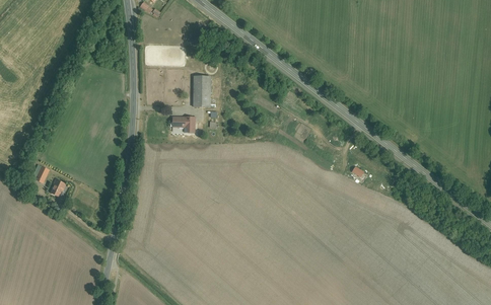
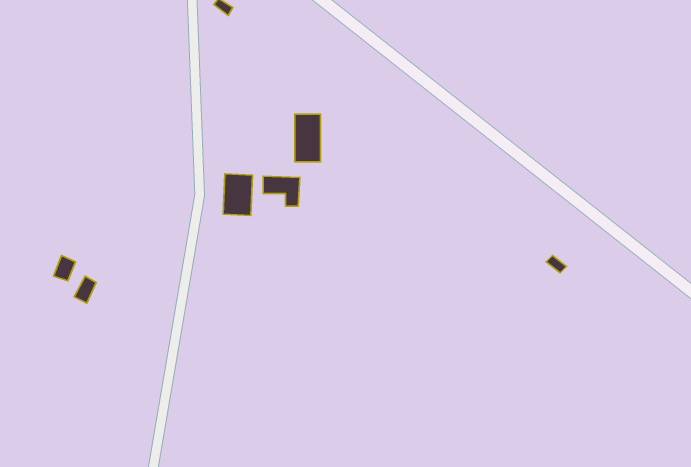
building: none -> [223,174,252,215]

